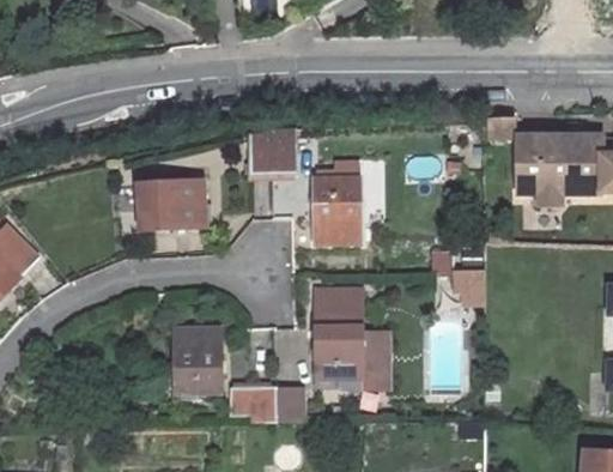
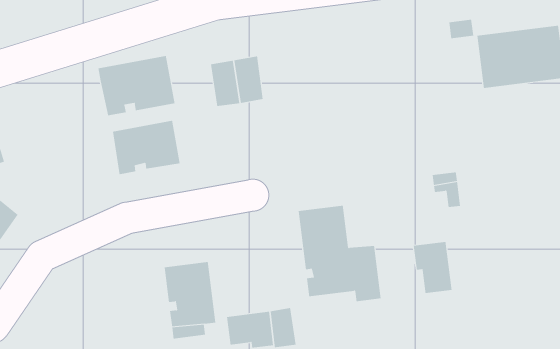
building: none -> [98,55,175,116]
building: [315,177,362,240] -> none
building: none -> [413,241,452,294]

